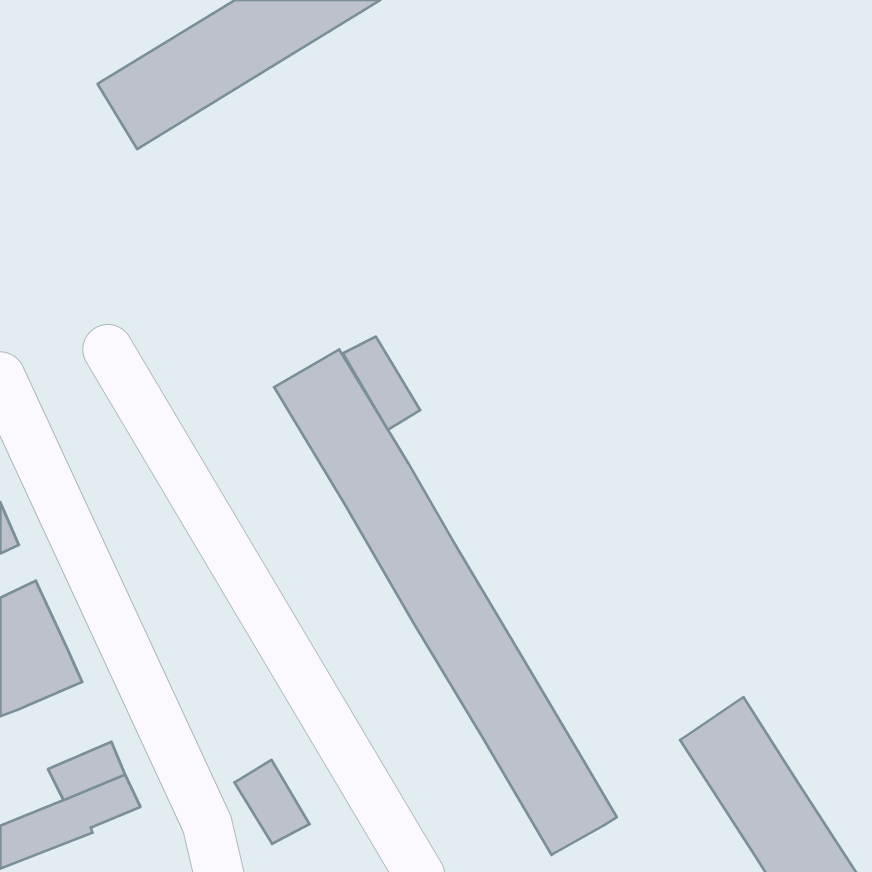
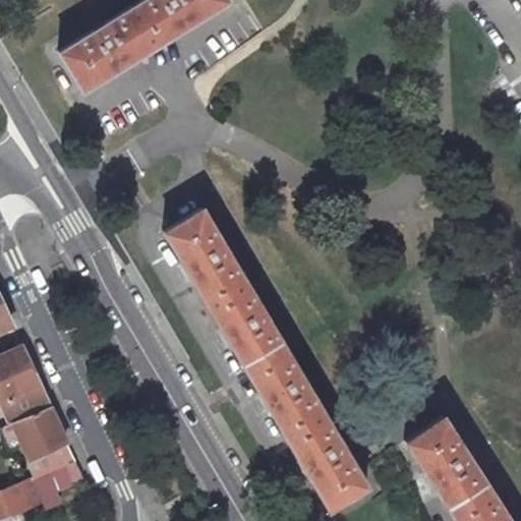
building: [343,337,420,430] -> none
building: none -> [13,407,68,459]
building: [234,760,310,844] -> none

